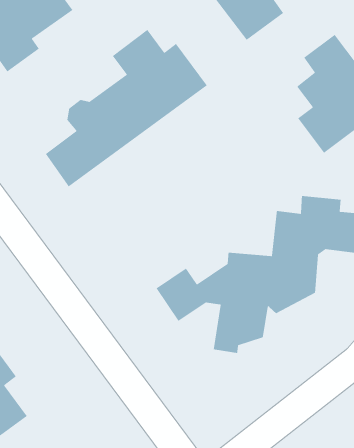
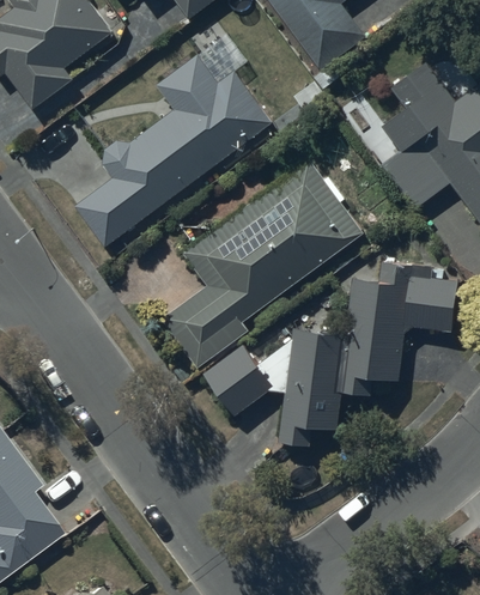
building: none -> [160,159,364,369]

